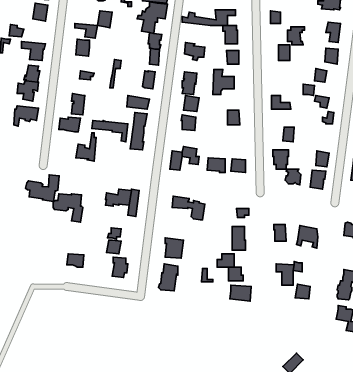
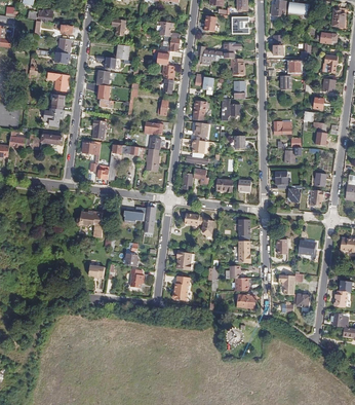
building: [25,175,59,201] -> none

